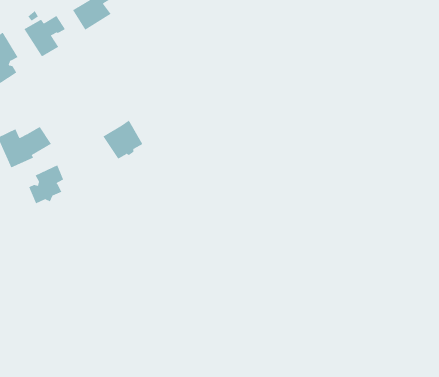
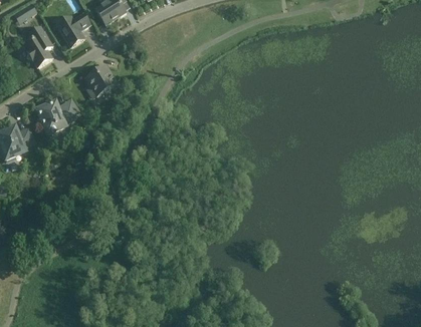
building: [102,120,143,159] -> [82,64,115,95]
building: [28,165,64,204] -> none

